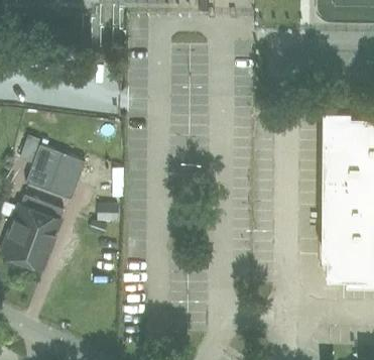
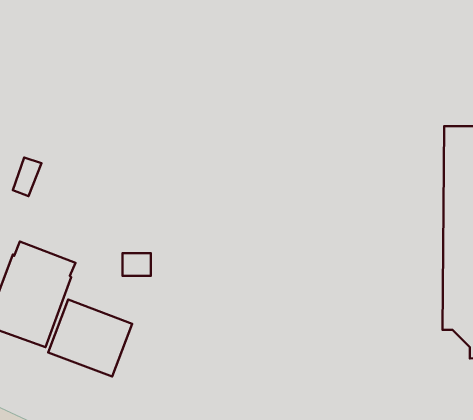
building: [24,148,84,203] -> [48,300,132,377]

